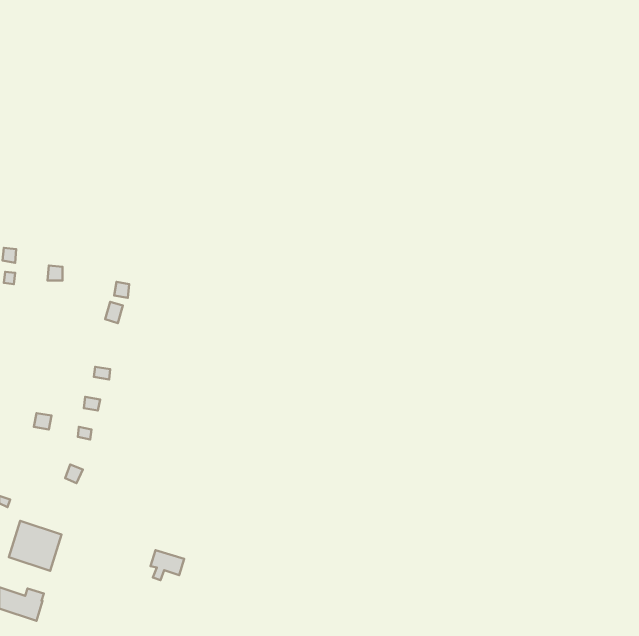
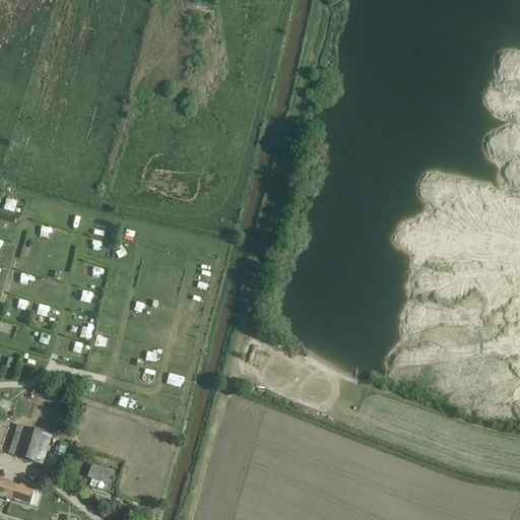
building: [150,550,184,580] -> [86,463,114,488]

